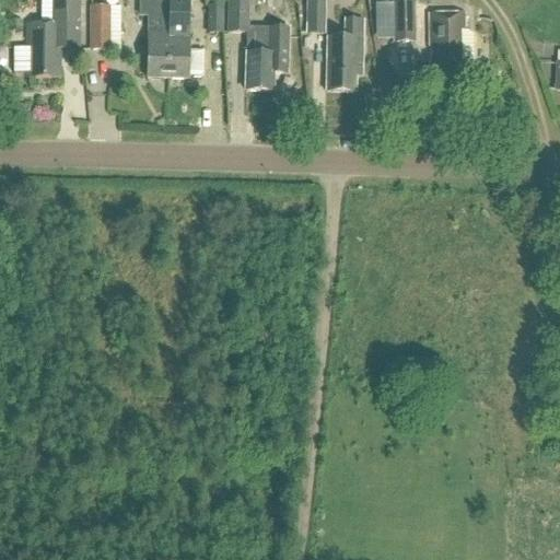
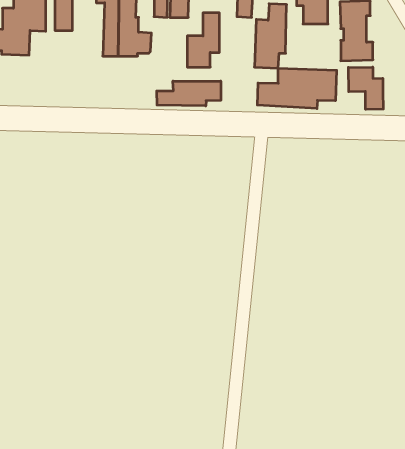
building: none -> [348,67,383,109]
building: none -> [257,68,337,109]
building: none -> [157,81,221,106]

